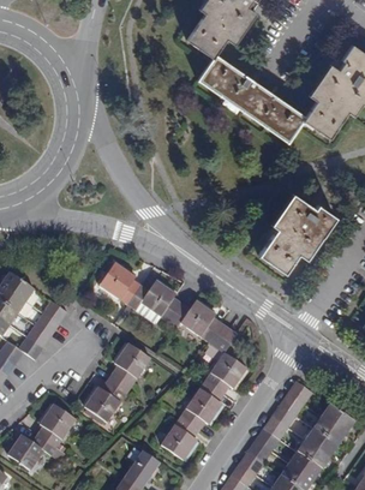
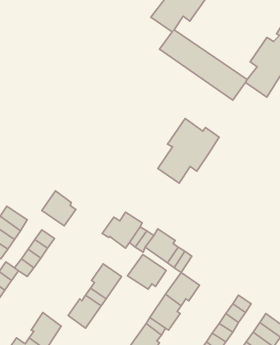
building: [259,192,335,271] -> [158,119,219,183]
building: [100,262,142,305] -> [42,191,76,226]
building: none -> [127,254,166,289]

